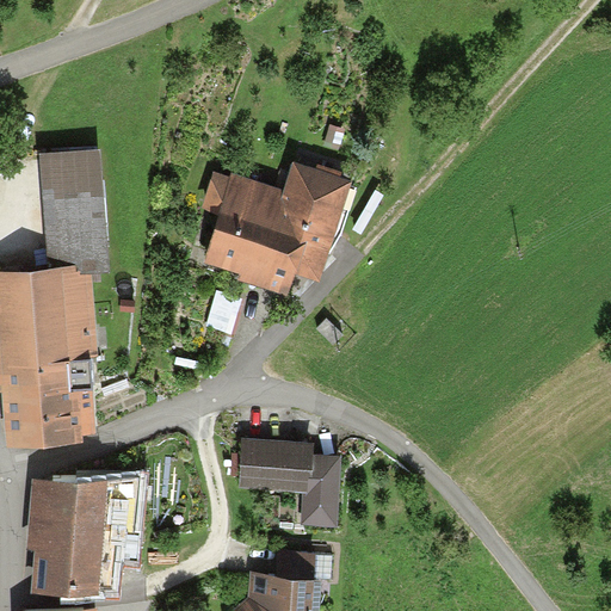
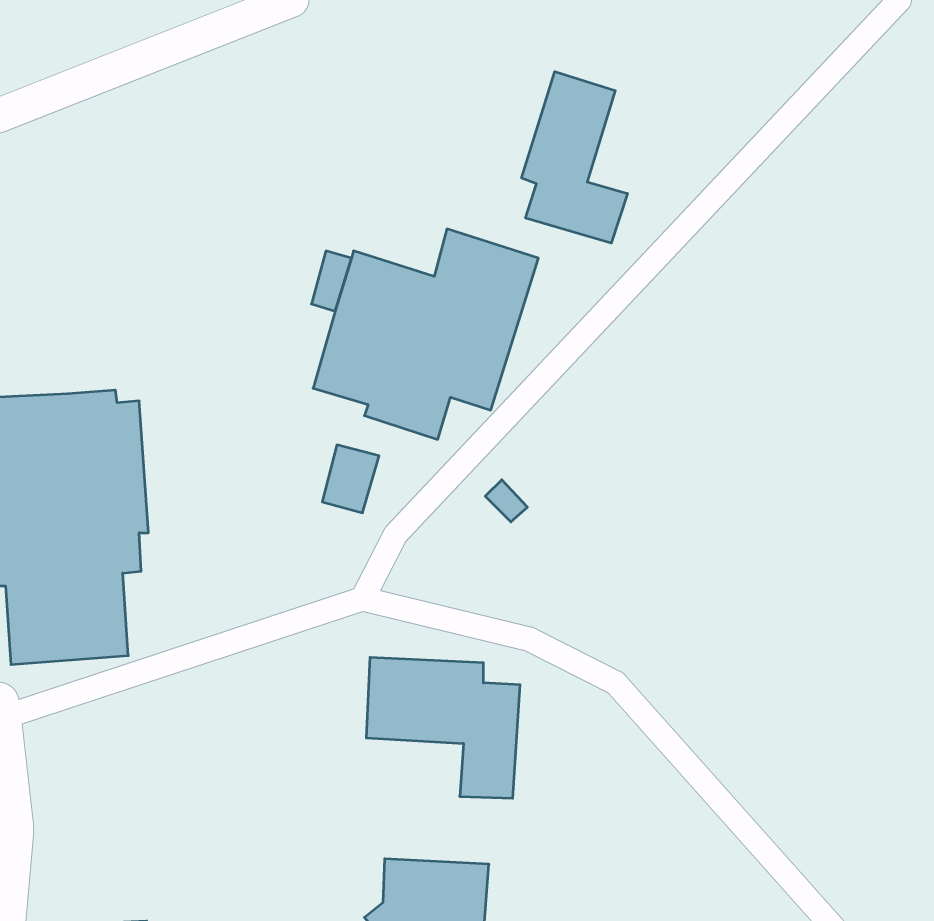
building: none -> [522,72,627,243]
building: [39,152,105,272] -> none
building: [26,483,140,594] -> none

